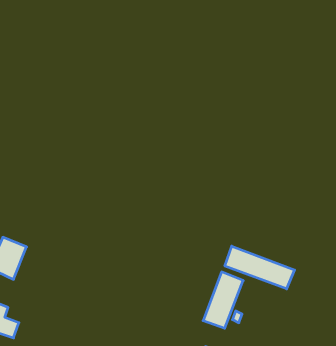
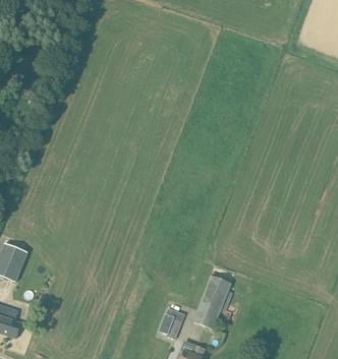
building: [225,246,295,289] -> none
building: none -> [160,306,182,338]

